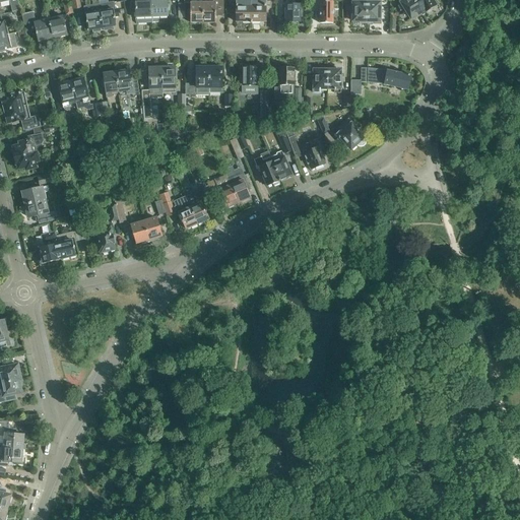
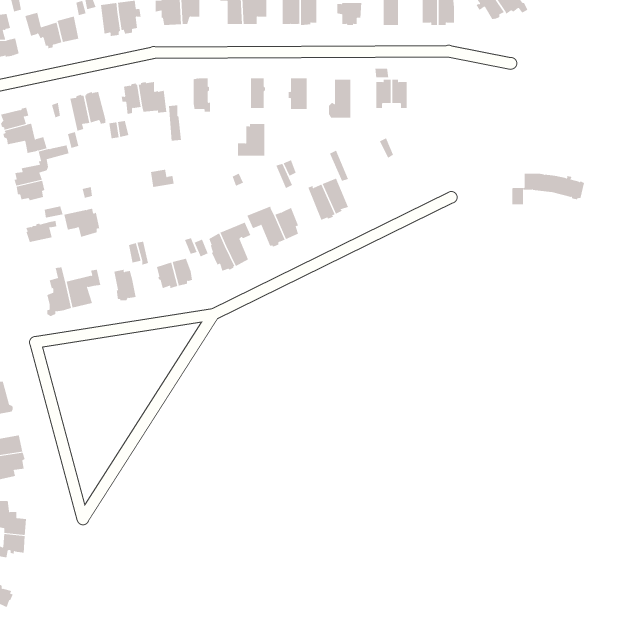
building: [185,65,208,92] -> [237,123,265,156]
building: [144,66,161,96] -> none
building: [349,66,410,92] -> [512,173,585,205]
building: [334,120,365,147] -> none
building: [286,132,324,168] -> none
building: [24,197,55,221] -> [63,208,100,238]

